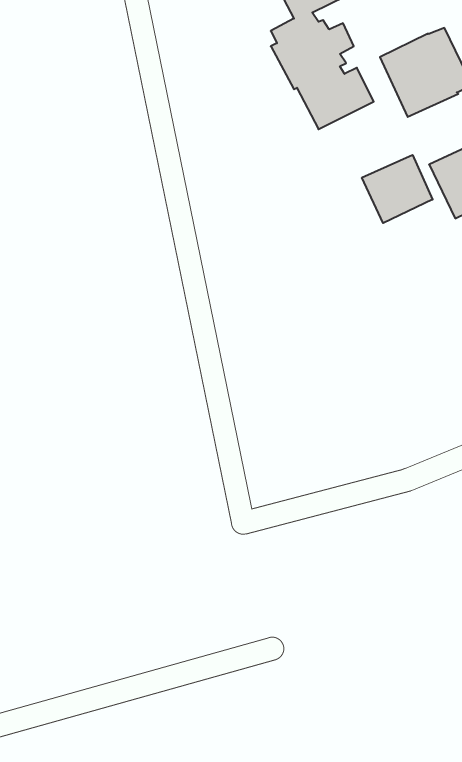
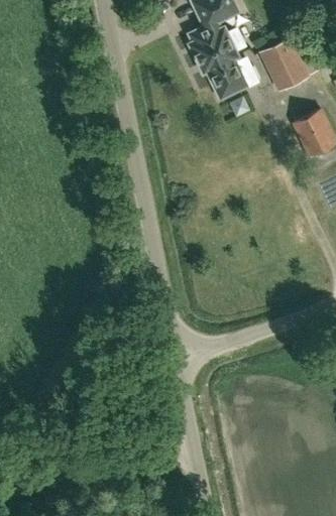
building: [362,155,433,223] -> none

